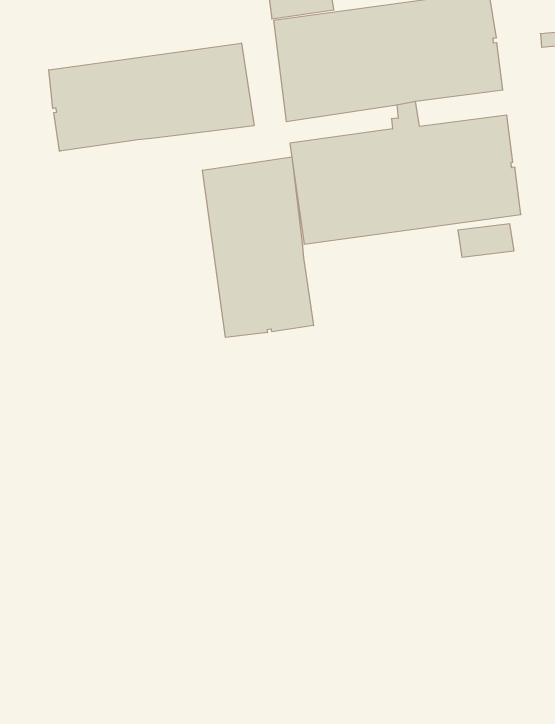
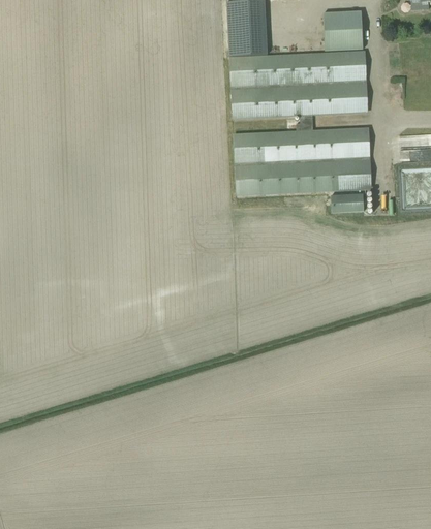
building: [49,43,254,151] -> none
building: [203,157,314,337] -> none

